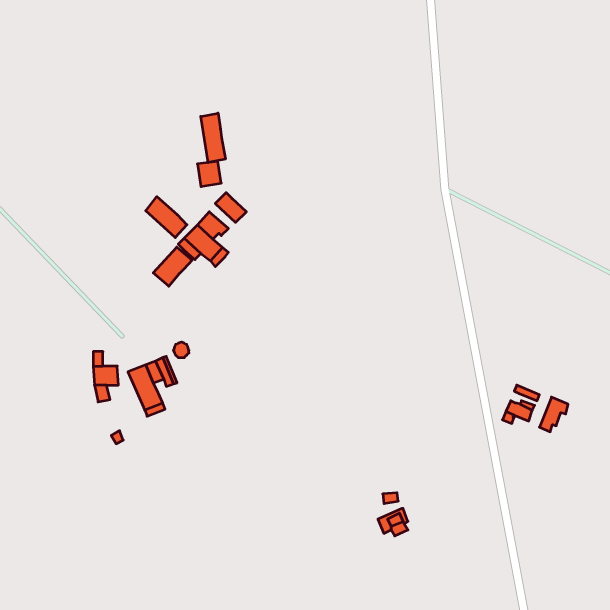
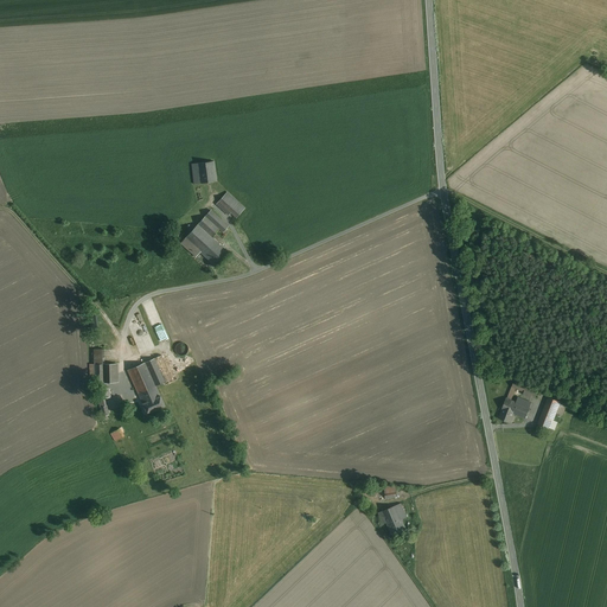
building: [201,113,225,163] -> none
building: [146,197,187,238] -> none
building: [153,247,192,286] -> none

